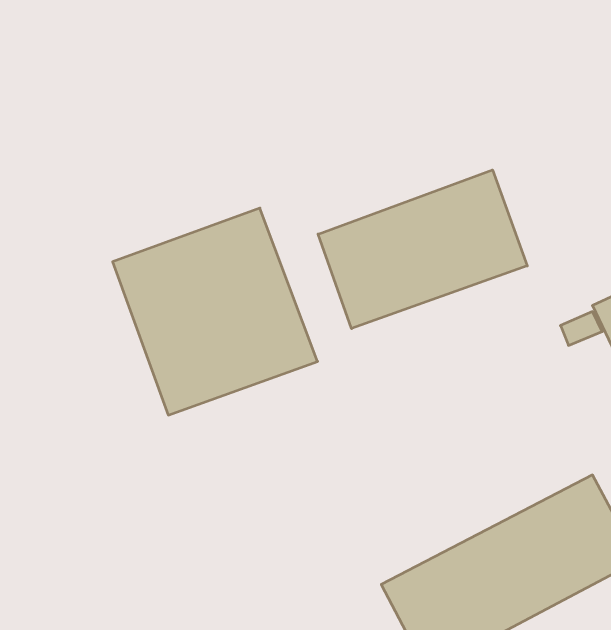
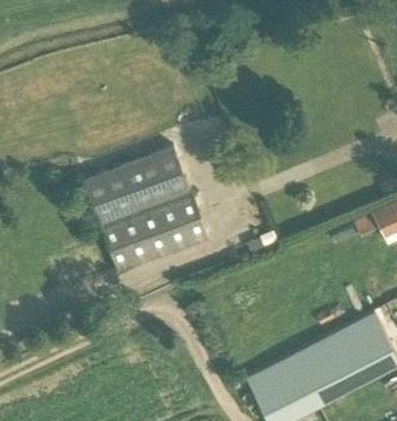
building: [318,170,527,329] -> none

